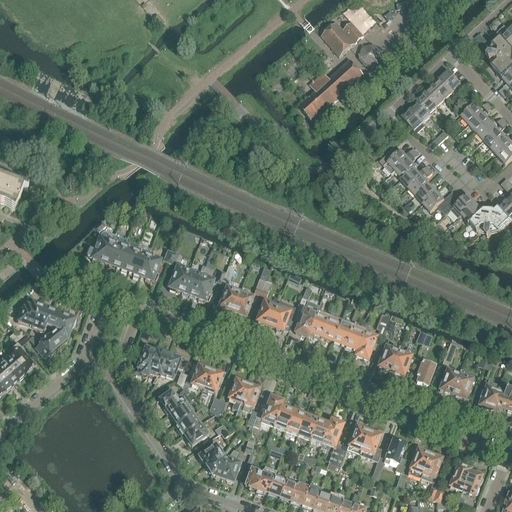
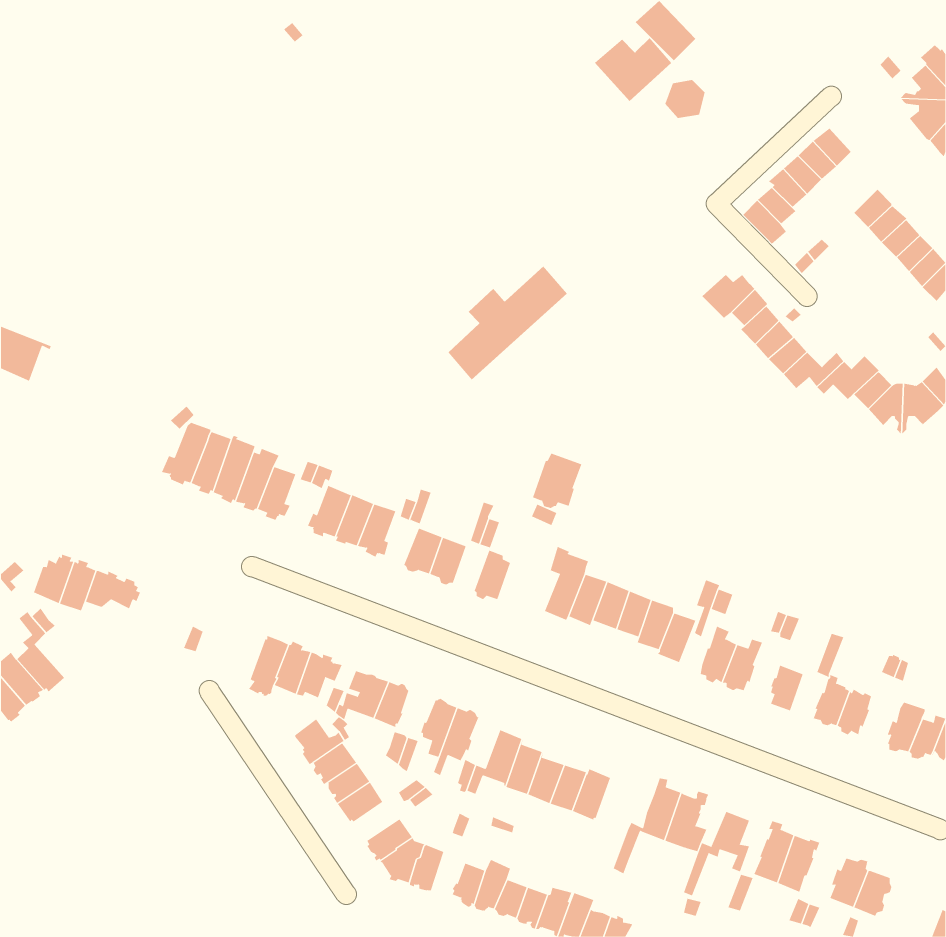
building: [299,58,364,120] -> [447,266,568,380]
building: [269,300,296,330] -> [532,453,582,509]
building: [35,324,70,356] -> none
building: [322,417,343,469] -> none

